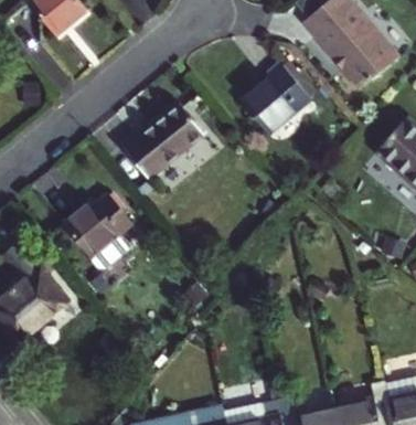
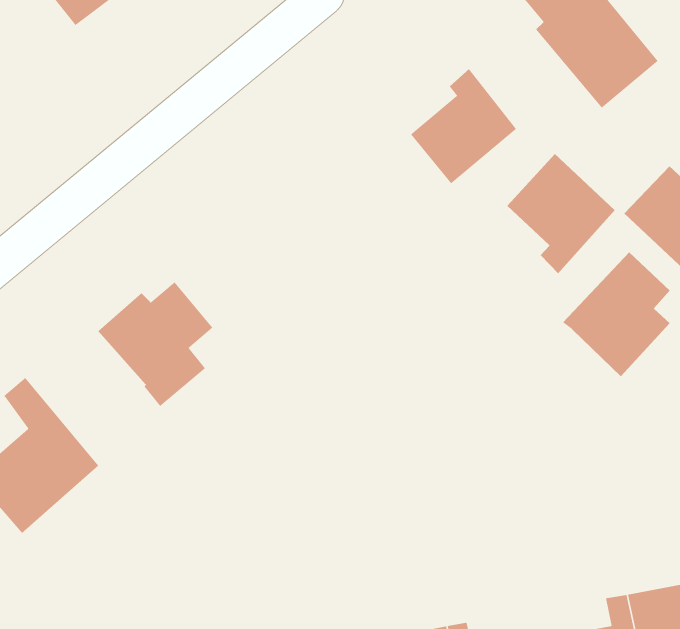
building: [122,105,204,177] -> none
building: none -> [507,153,616,274]
building: none -> [562,251,671,377]

